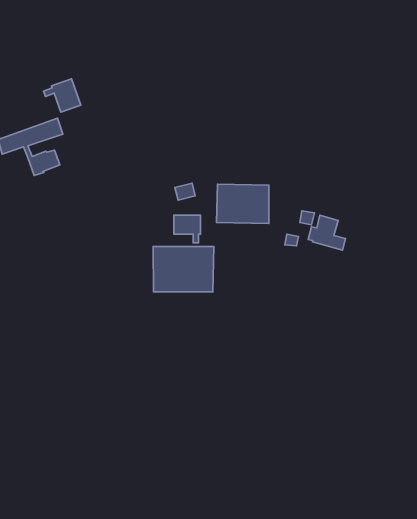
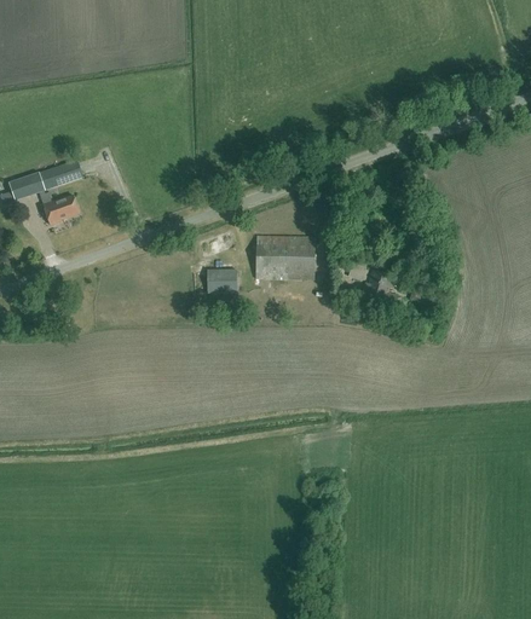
building: [43,79,81,112] -> none
building: [153,247,214,292] -> none

